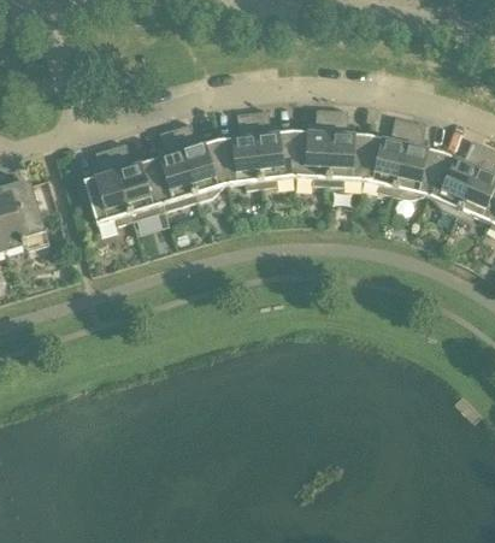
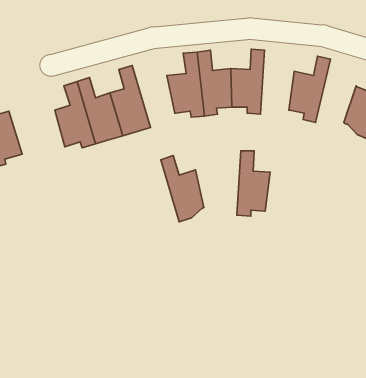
building: [328,107,367,184] -> [237,151,270,216]
building: [393,118,441,196] -> none
building: [176,120,226,199] -> [161,156,204,222]

